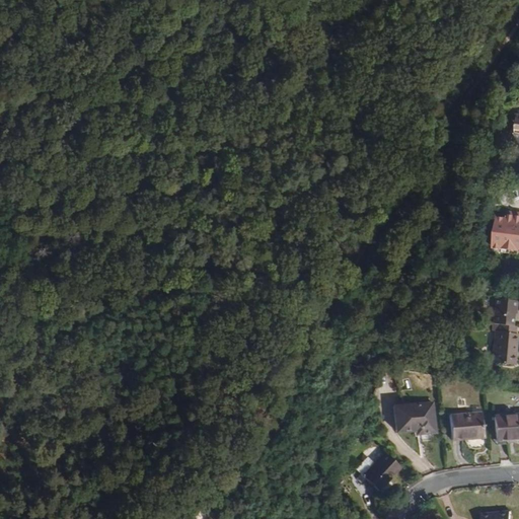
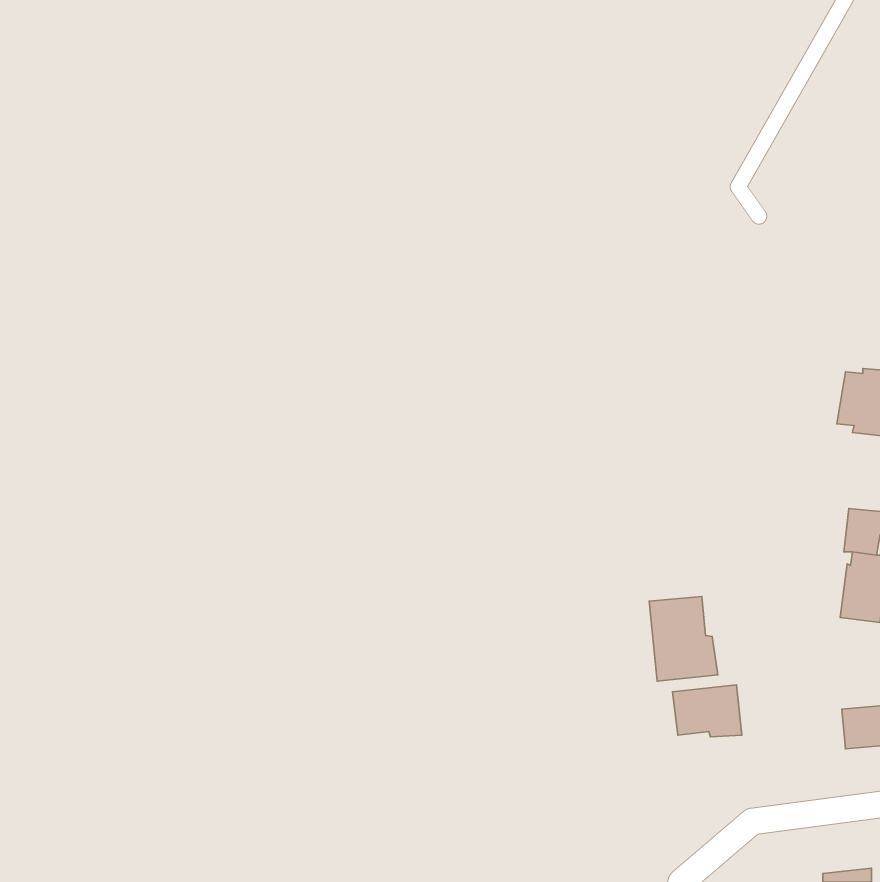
building: none -> [649,597,718,681]
building: [451,412,485,440] -> none
building: [359,453,402,490] -> none

